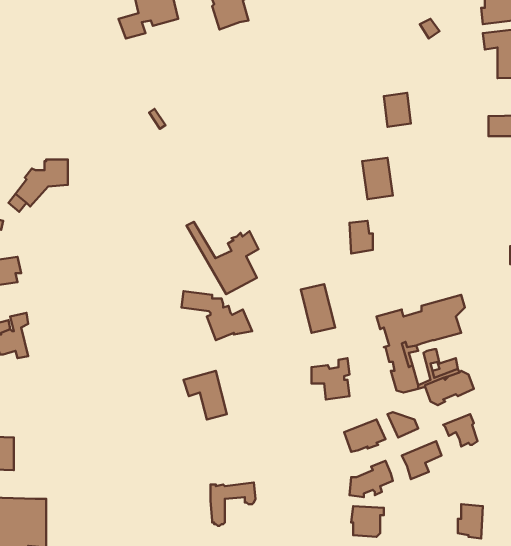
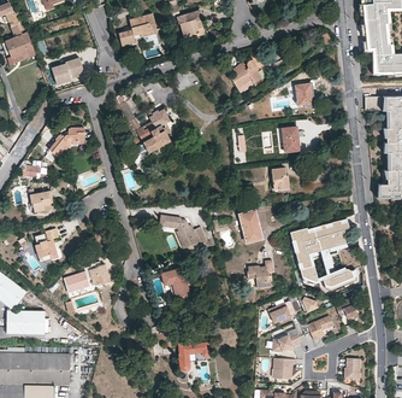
building: none -> [52,57,84,84]
building: none -> [232,59,262,93]
building: [186,222,259,294] -> [122,103,170,151]
building: none -> [67,263,111,288]

